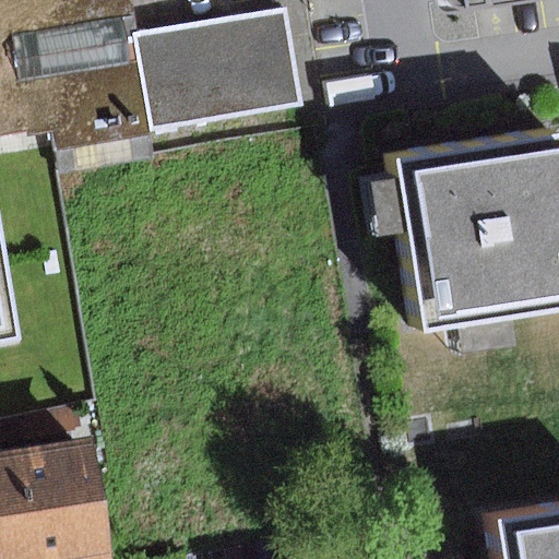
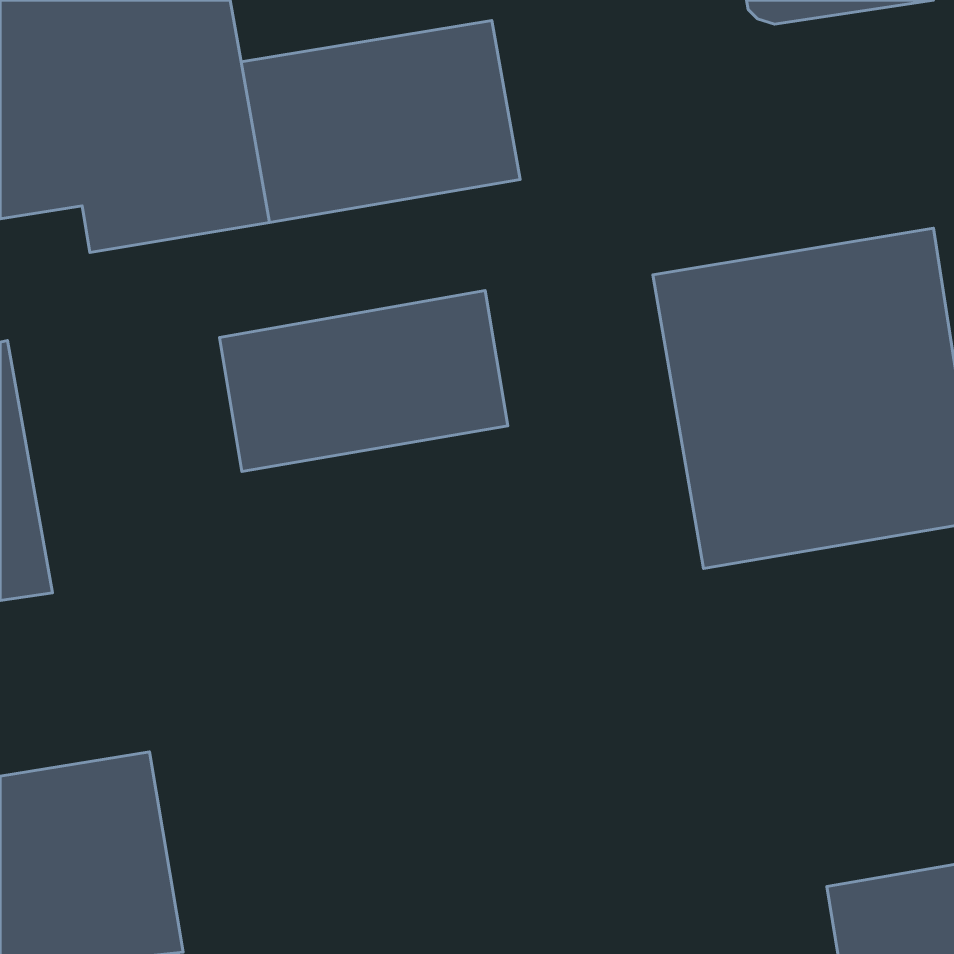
building: none -> [220,290,508,471]

